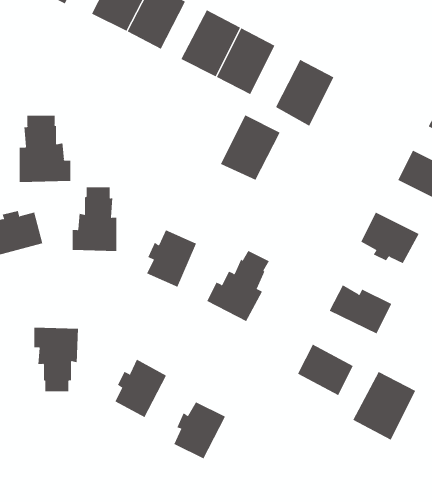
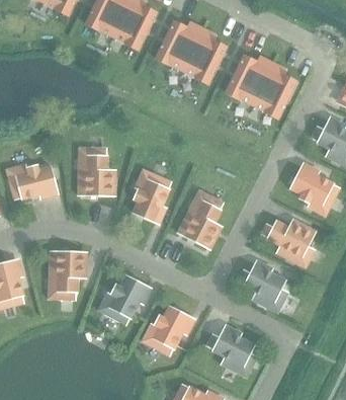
building: [220,115,281,181] -> [252,67,296,115]
building: [19,115,71,183] -> none
building: [352,371,416,441] -> none
building: none -> [211,328,254,367]

